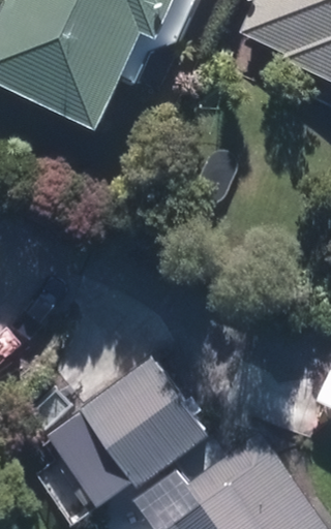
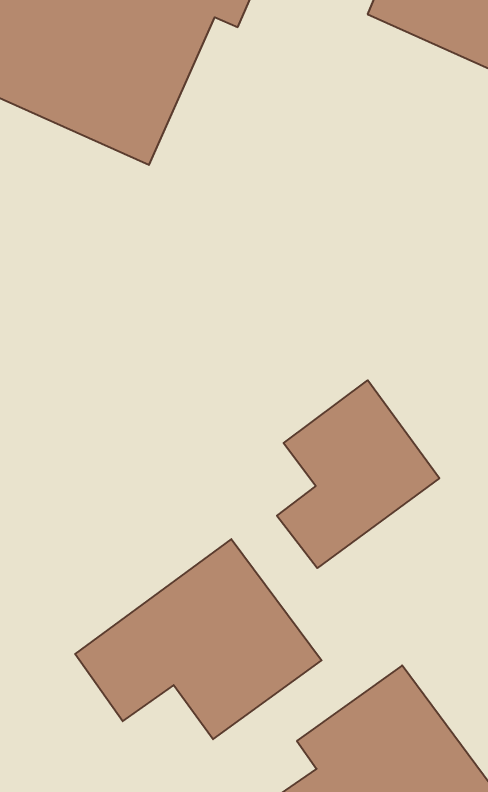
building: none -> [277,380,439,568]

